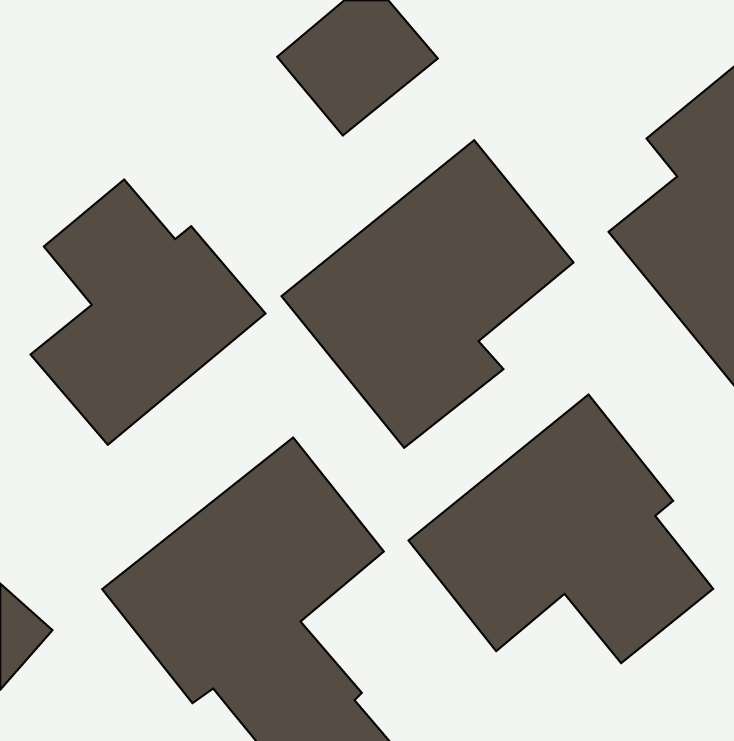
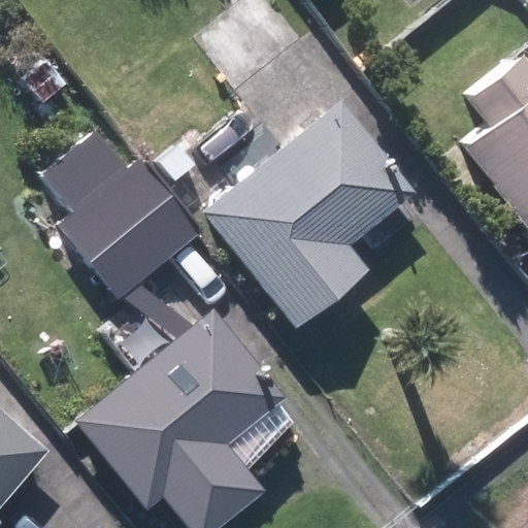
building: [408,394,713,663] -> none

